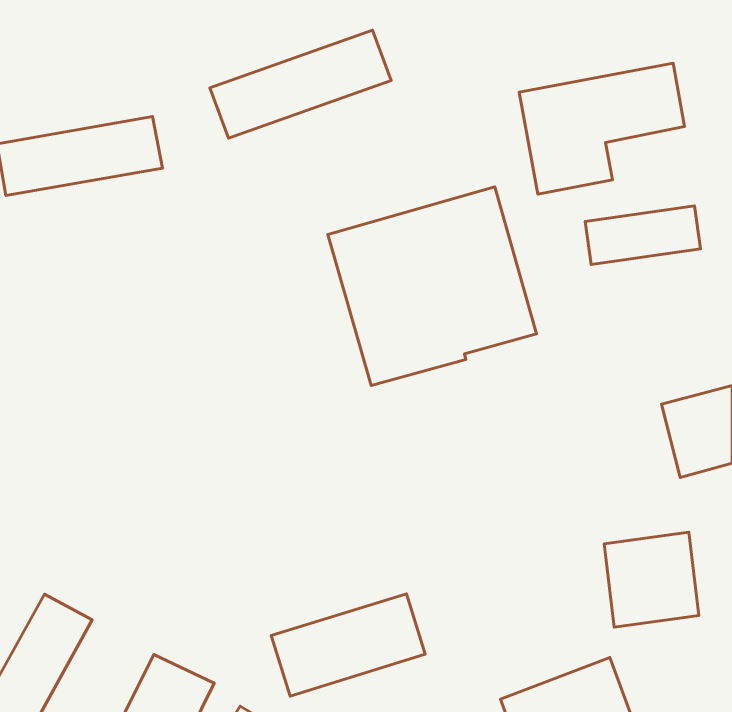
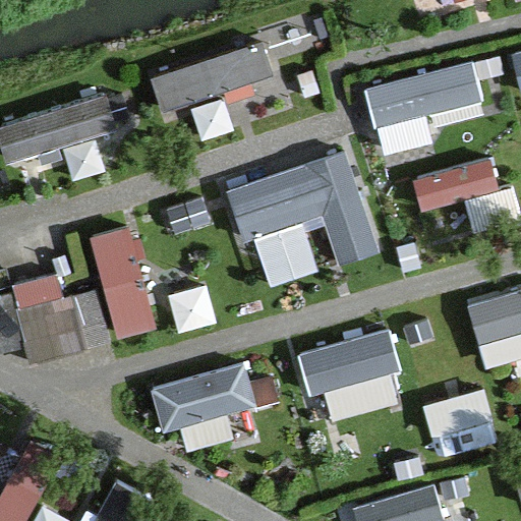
building: none -> [85,224,163,342]
building: none -> [10,265,97,365]
building: none -> [306,327,409,427]
building: [271,594,425,696] -> [150,359,258,431]

